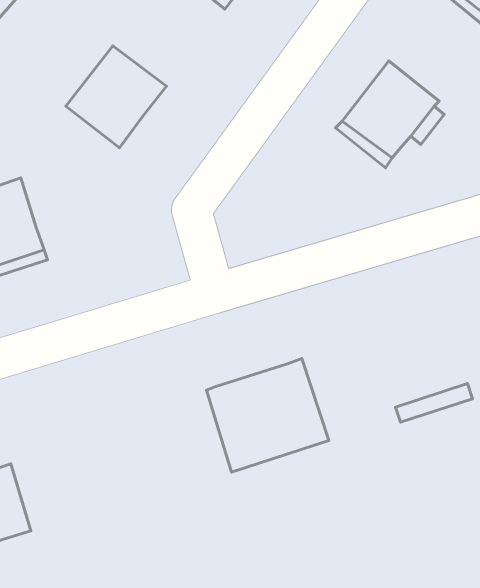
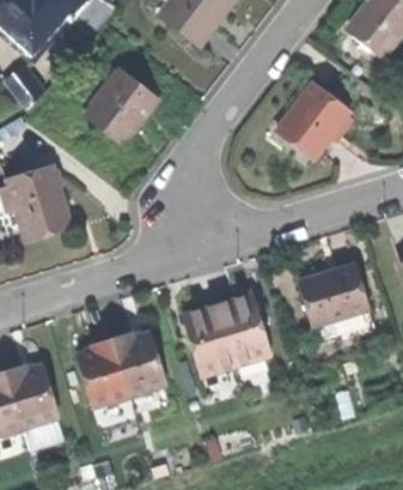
building: none -> [299,265,370,325]
building: none -> [79,335,166,405]

